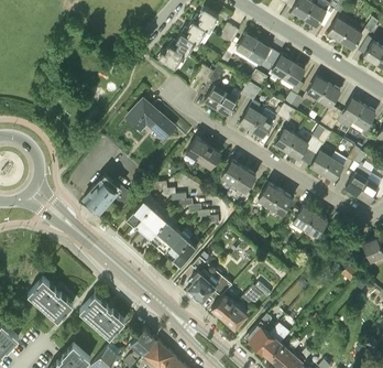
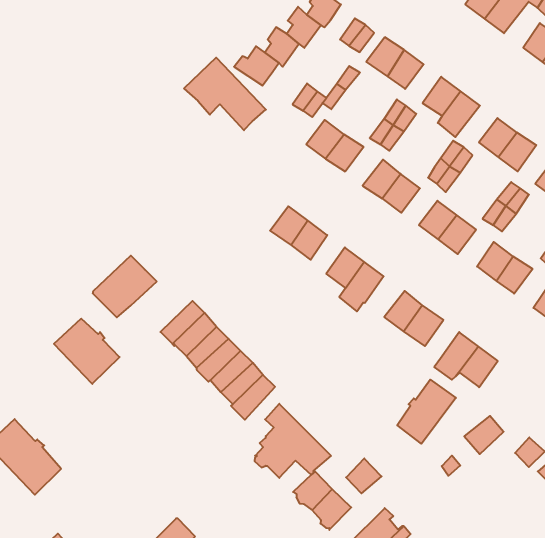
building: [125,99,175,141] -> [184,58,266,130]
building: none -> [54,319,120,384]
building: none -> [397,380,456,444]
building: [79,294,125,338] -> none

